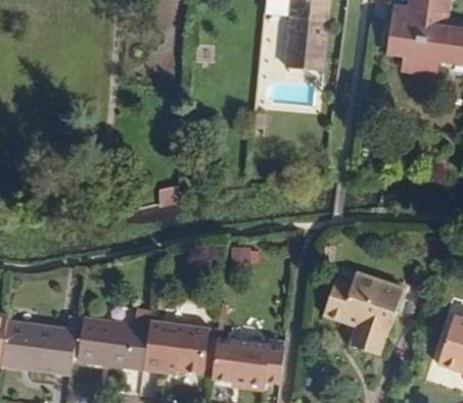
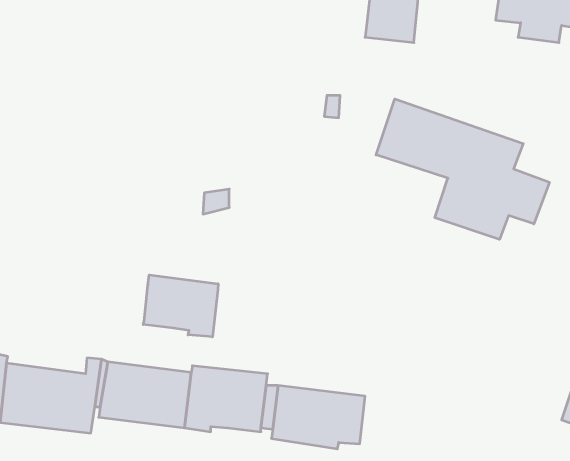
building: none -> [376,99,549,239]
building: none -> [143,275,218,337]
building: [321,271,403,355] -> none

